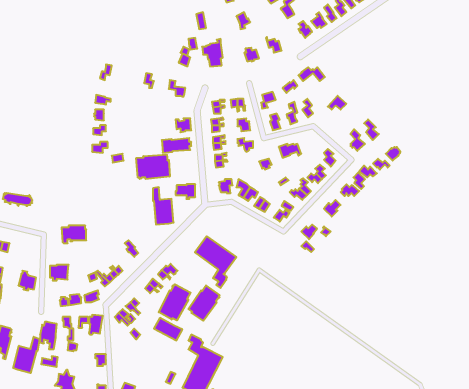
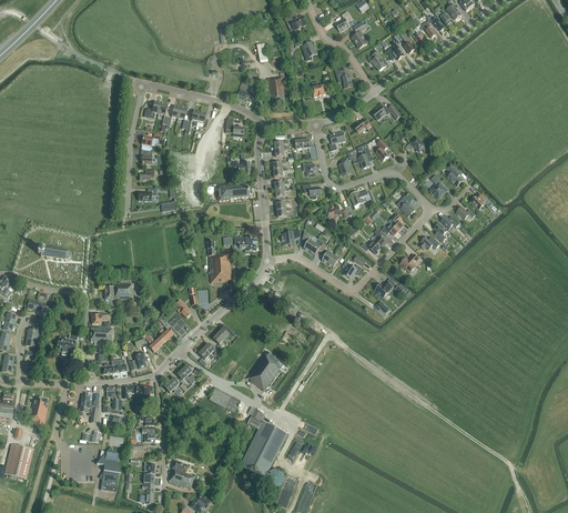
building: [136,155,170,179] -> none
building: [195,236,236,288] -> none
building: [159,284,191,320] -> none
building: [13,337,39,373] -> none

